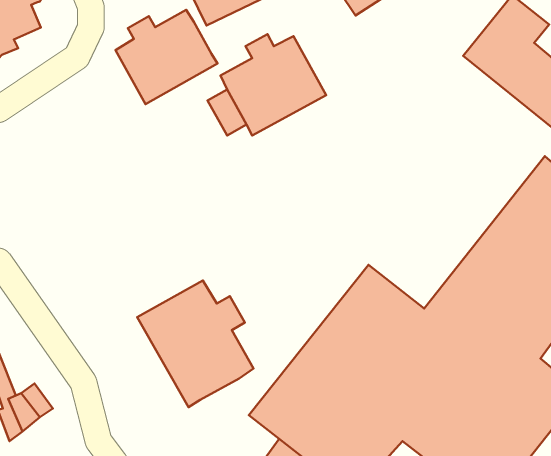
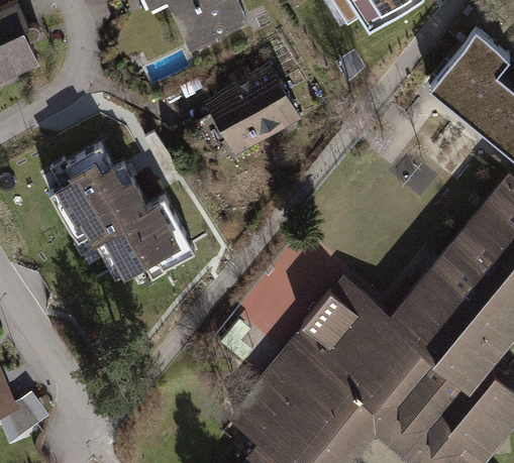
building: [116,10,217,104] -> none
building: none -> [49,140,194,276]
building: [137,281,254,407] -> none

